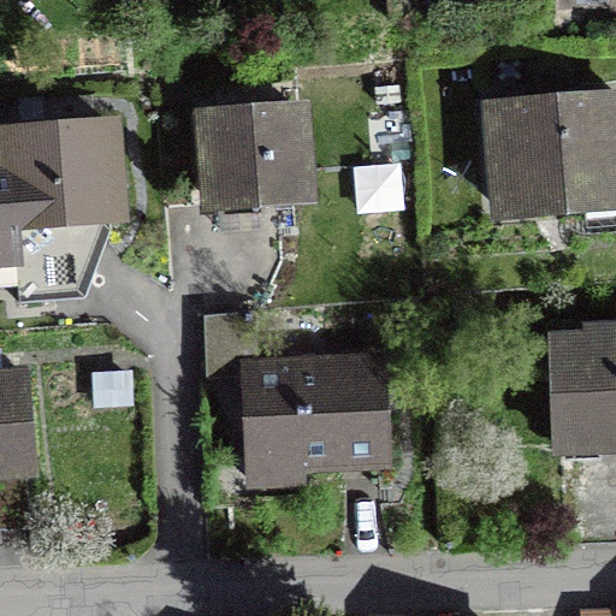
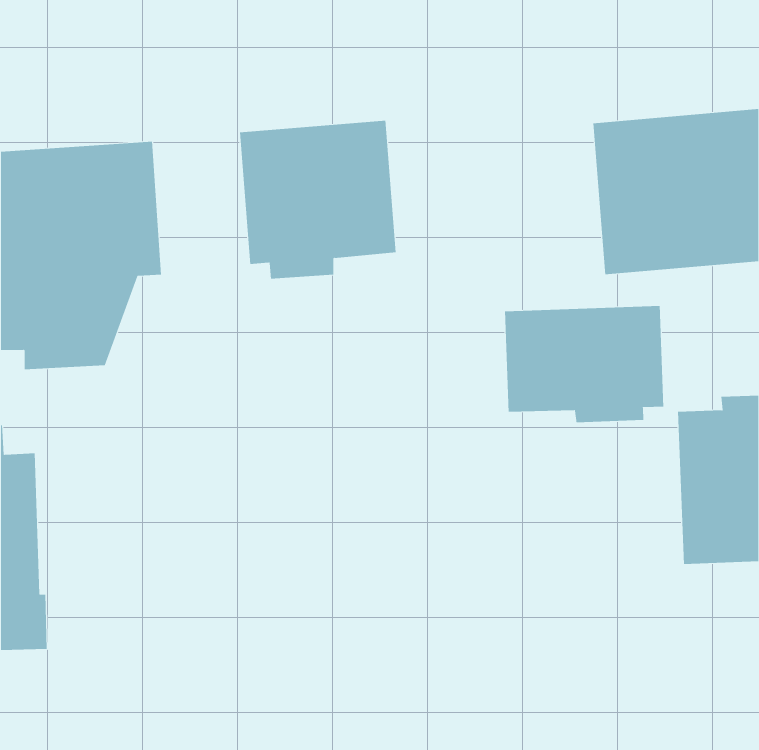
building: none -> [505,305,664,423]
building: [203,308,393,488] -> none

